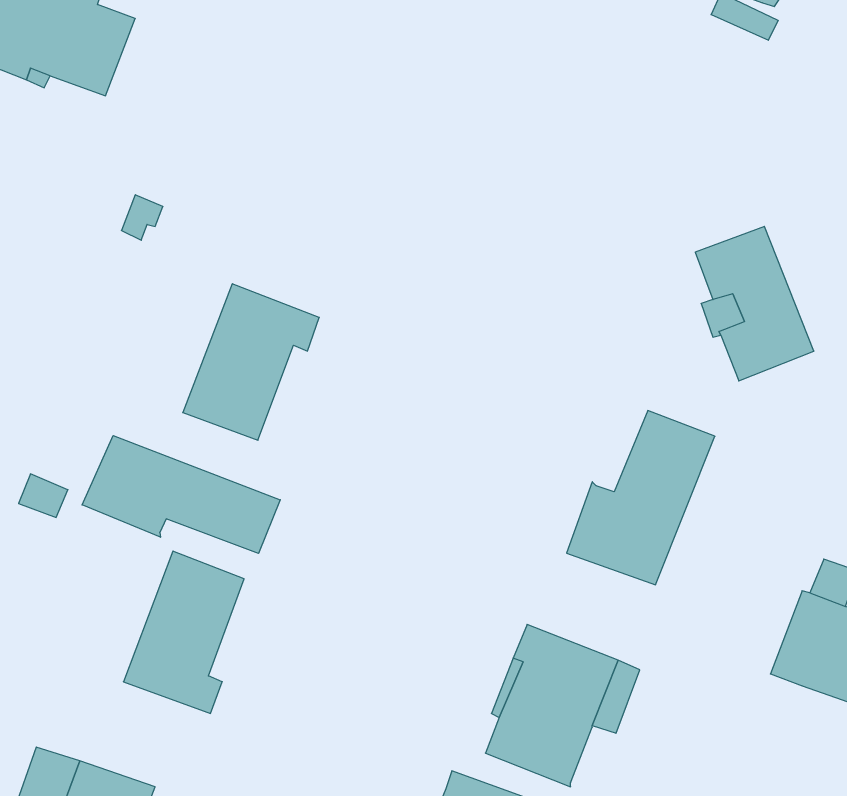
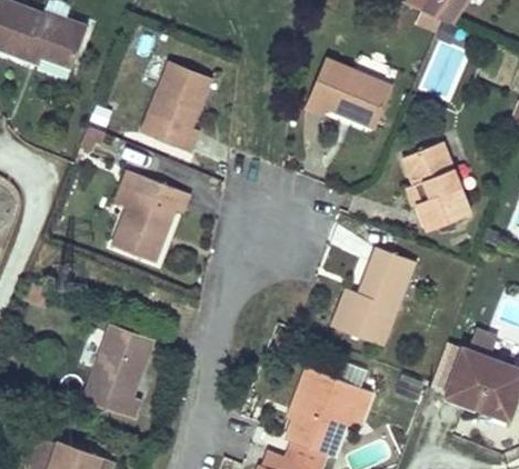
building: none -> [309,59,392,127]
building: none -> [143,64,211,151]
building: [82,436,280,553] -> none

